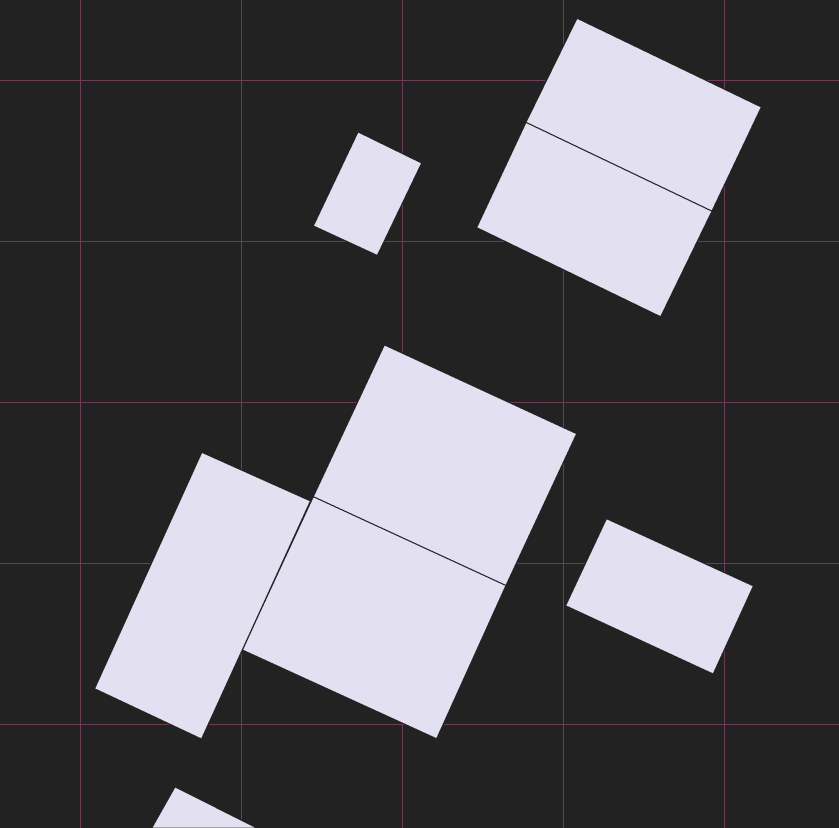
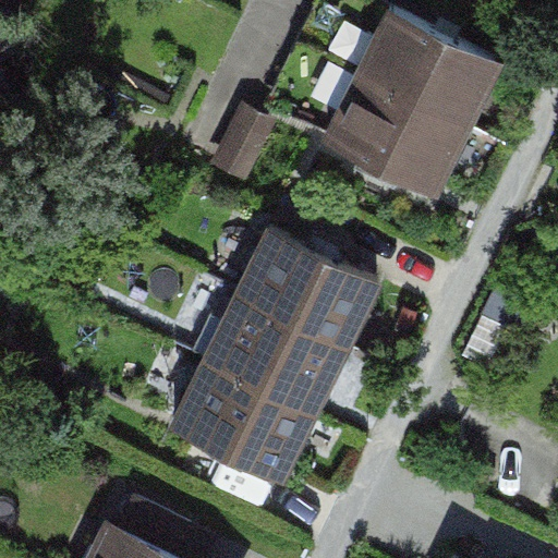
building: [94,452,310,739] -> none
building: [565,518,753,674] -> none

